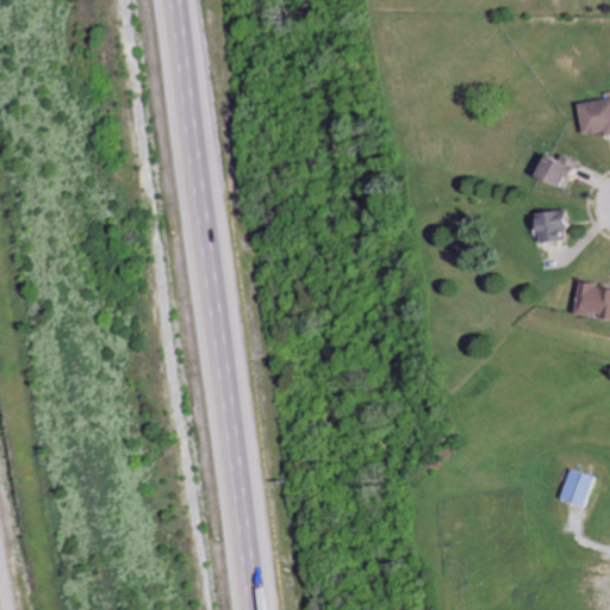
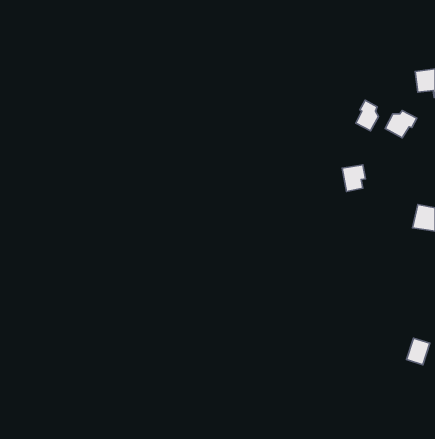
building: none -> [356,100,378,131]
building: [534,210,566,247] -> [342,165,365,192]

